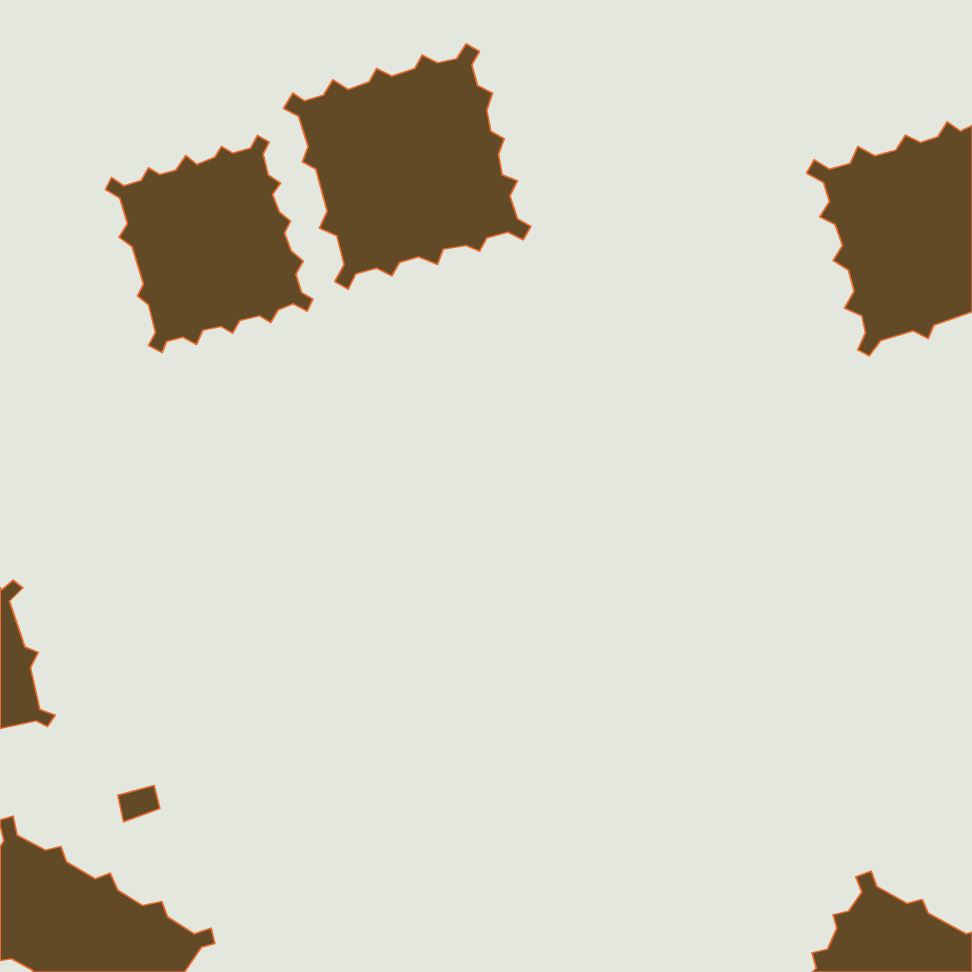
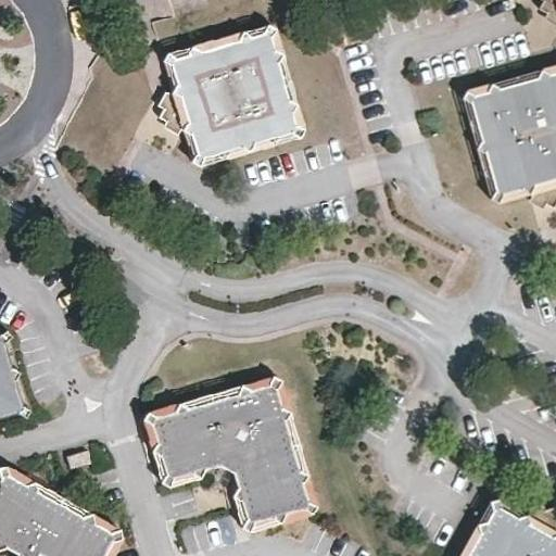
building: [105,135,313,353] -> none
building: none -> [143,375,316,531]

